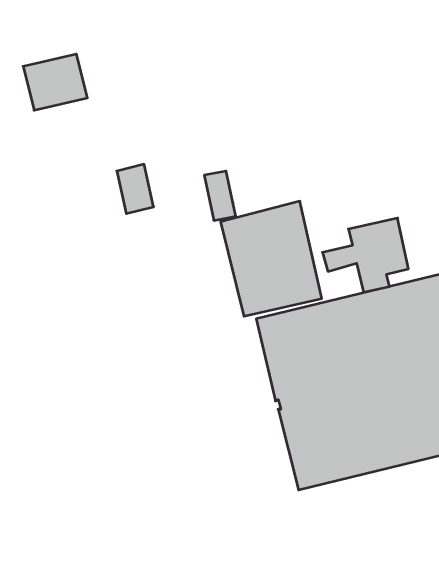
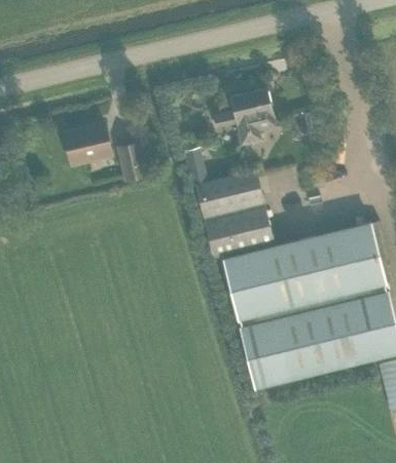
building: [23,54,87,110] -> [64,123,112,165]
building: [322,218,408,292] -> [211,89,276,145]

